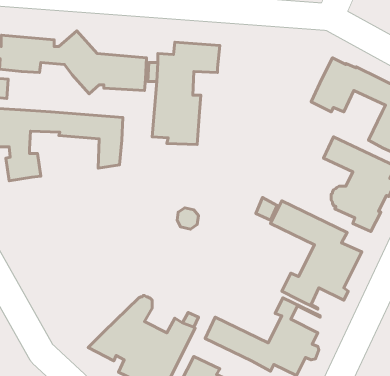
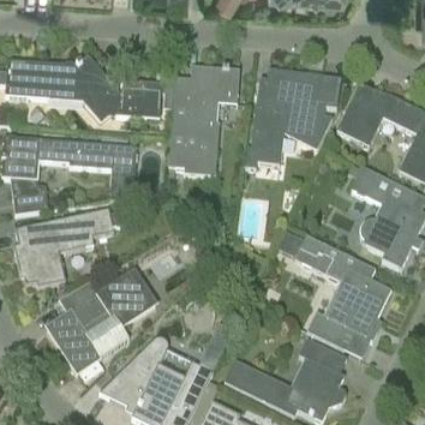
building: none -> [244,68,340,168]
building: none -> [13,208,119,287]
building: none -> [46,268,157,372]

